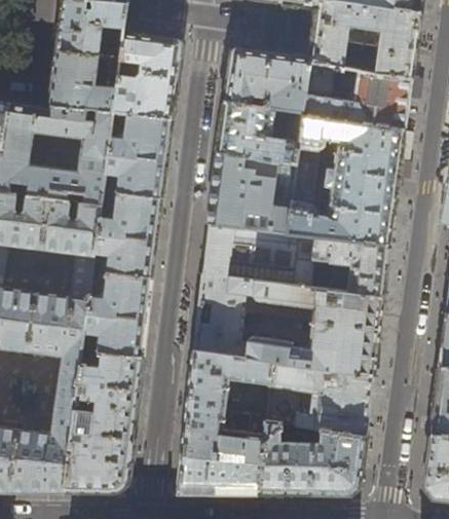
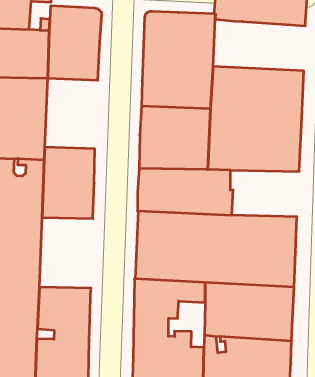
building: [302,64,411,132] -> none
building: [103,114,170,199] -> none
building: [308,237,389,297] -> none
building: [82,272,150,358] -> none

